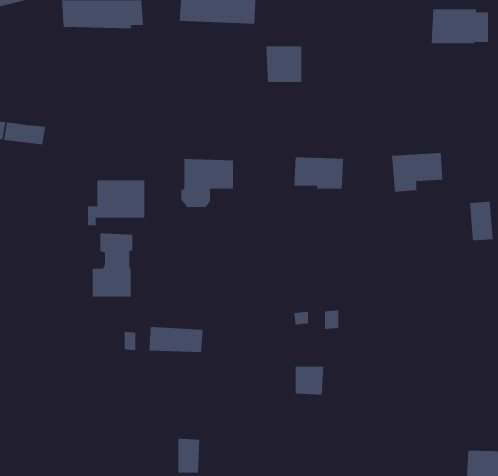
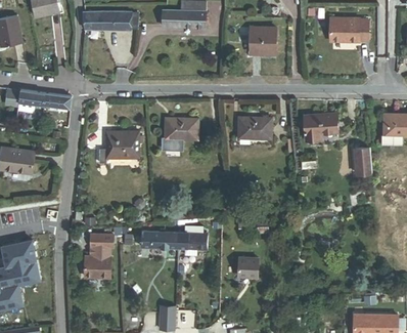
building: [265,46,302,82] -> [250,28,274,52]
building: [92,233,133,297] -> [85,234,112,277]
building: none -> [176,227,207,255]

